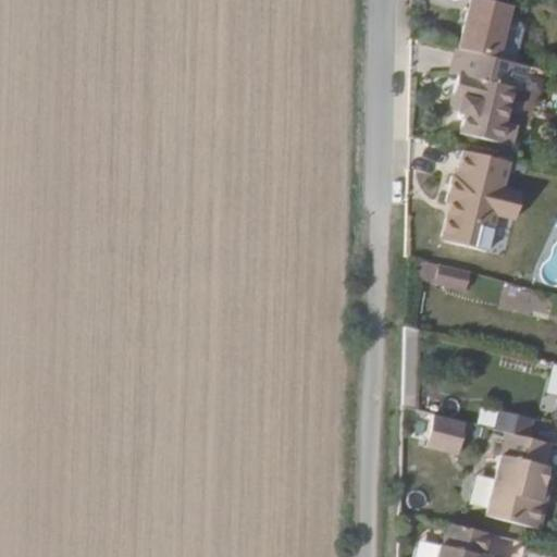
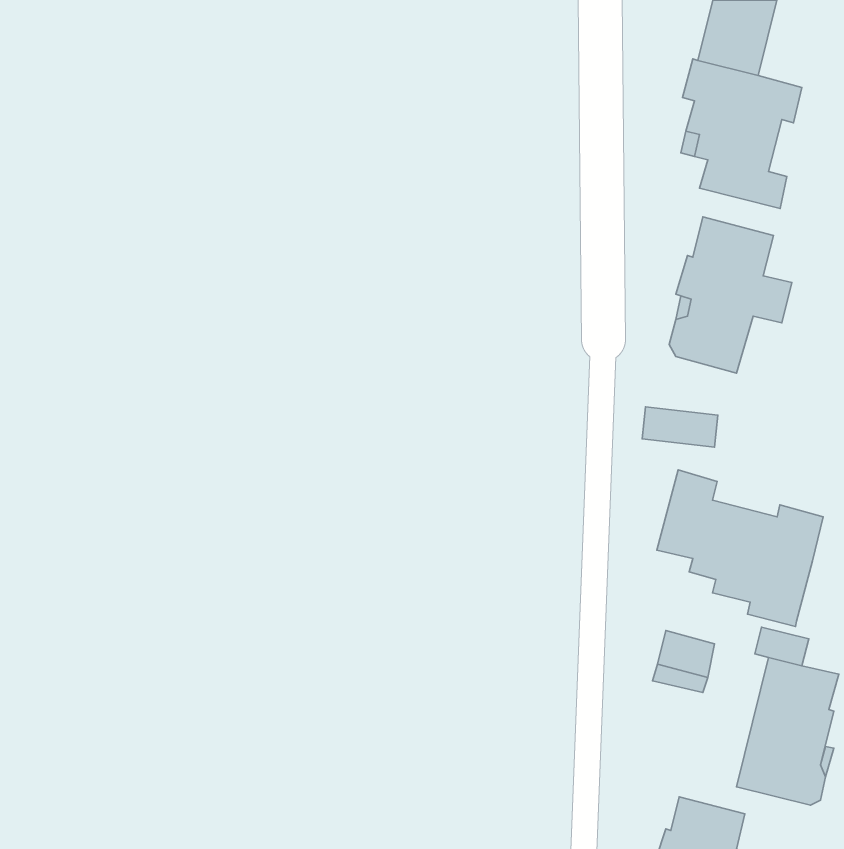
building: none -> [657,470,823,627]

